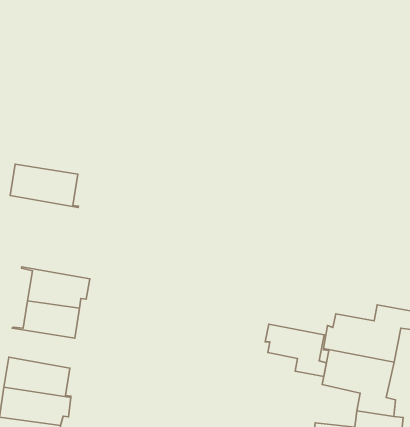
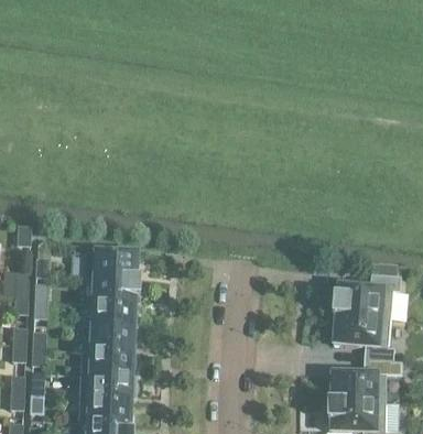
building: [10,164,78,207] -> [85,251,140,280]
building: [265,324,326,377] -> none
building: none -> [83,326,133,352]

